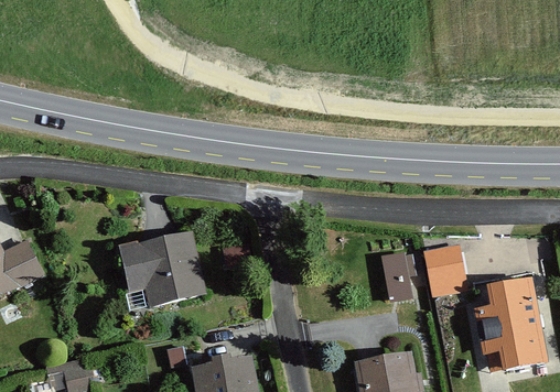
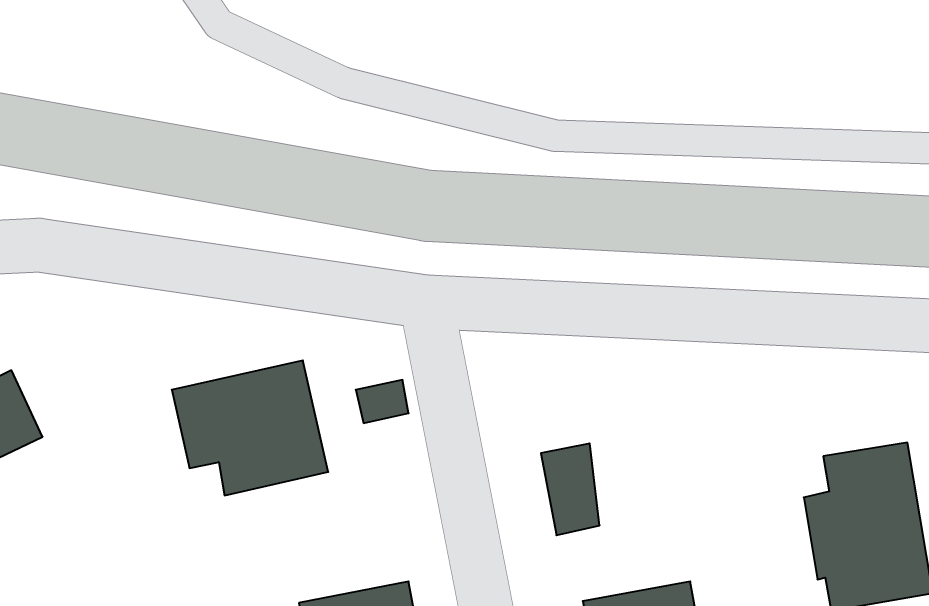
building: [422,243,467,295] -> none
building: [379,248,412,300] -> [541,443,600,535]

